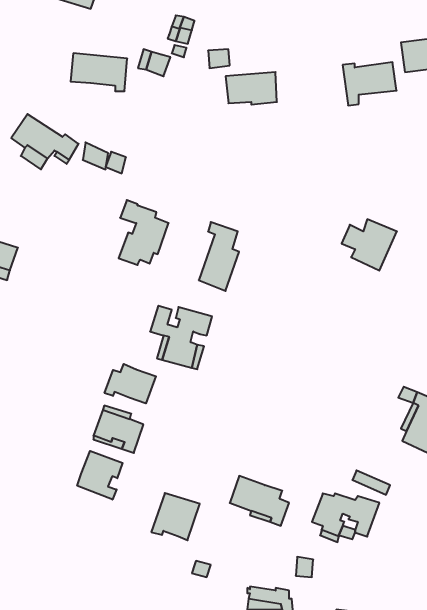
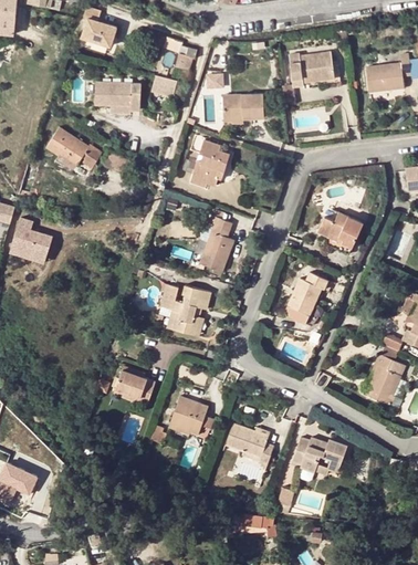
building: [343,62,397,105] -> [290,53,334,88]
building: [119,200,169,265] -> [189,135,230,188]
building: none -> [288,273,330,326]
building: [105,364,156,403] -> none
building: [77,451,123,500] -> none
building: [151,493,200,540] -> [168,397,208,436]

